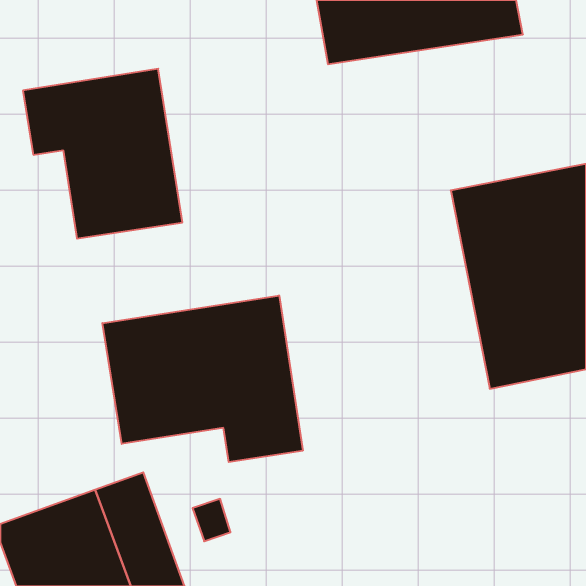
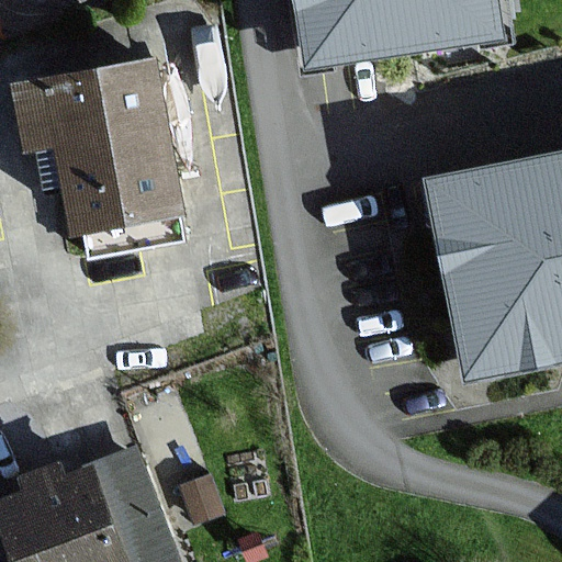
building: [102,295,303,462] -> none

